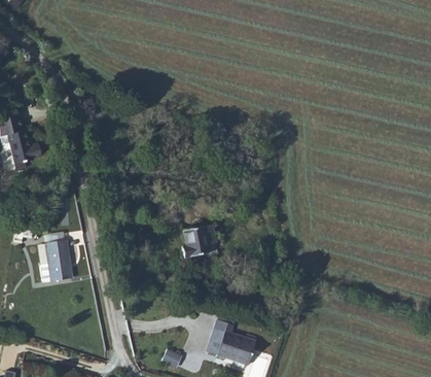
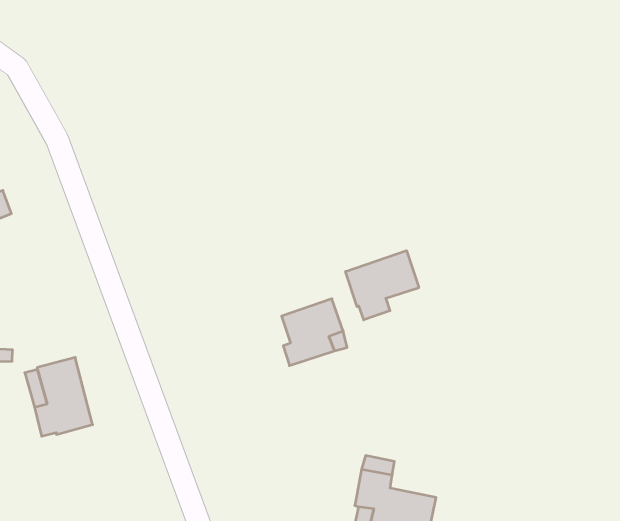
building: none -> [346,251,419,320]

